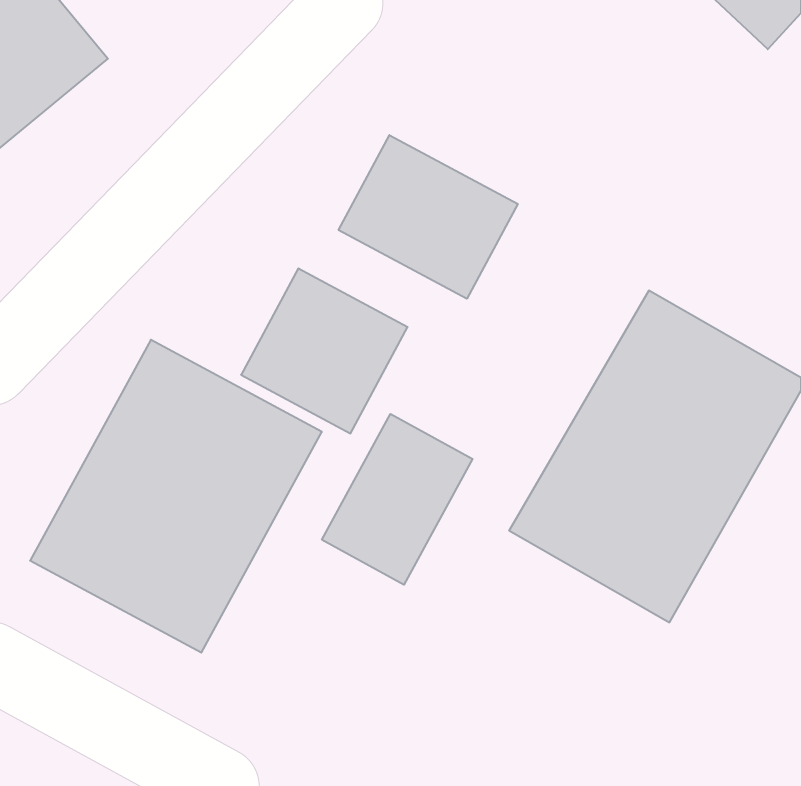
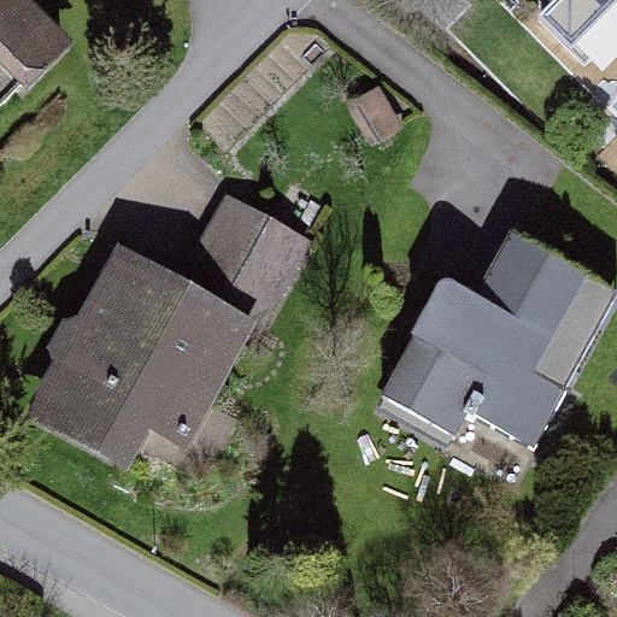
building: [339,135,518,299] -> none
building: [322,414,473,585] -> none

